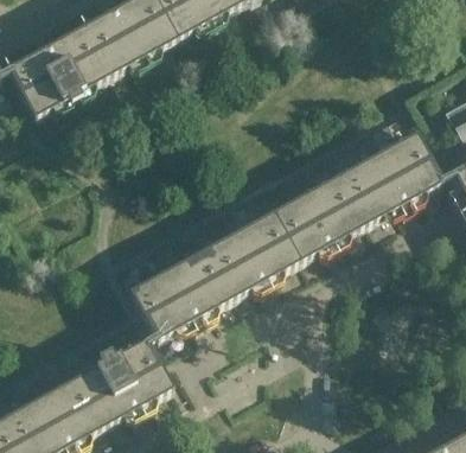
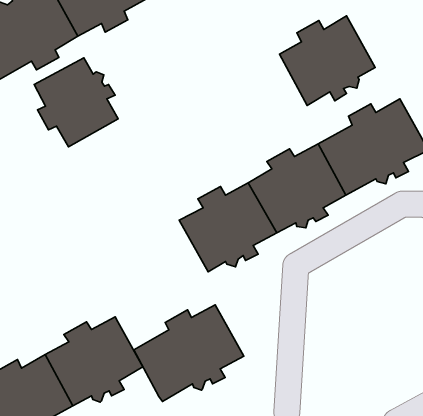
building: none -> [279,16,375,105]
building: none -> [34,58,118,147]
building: [129,248,234,339] -> [134,305,244,401]

